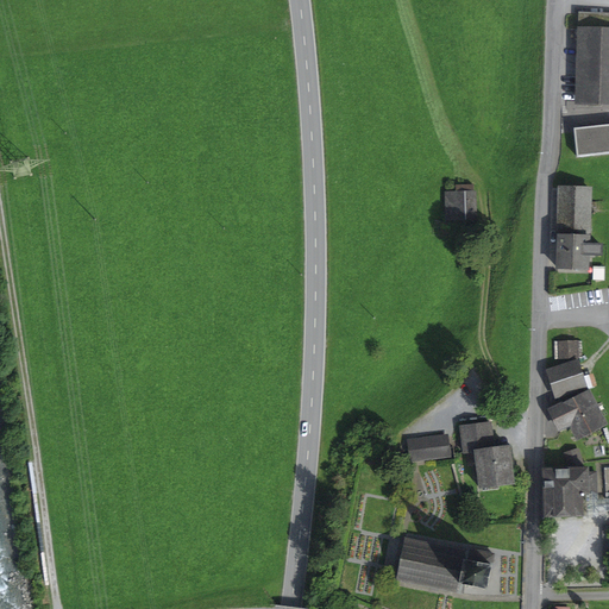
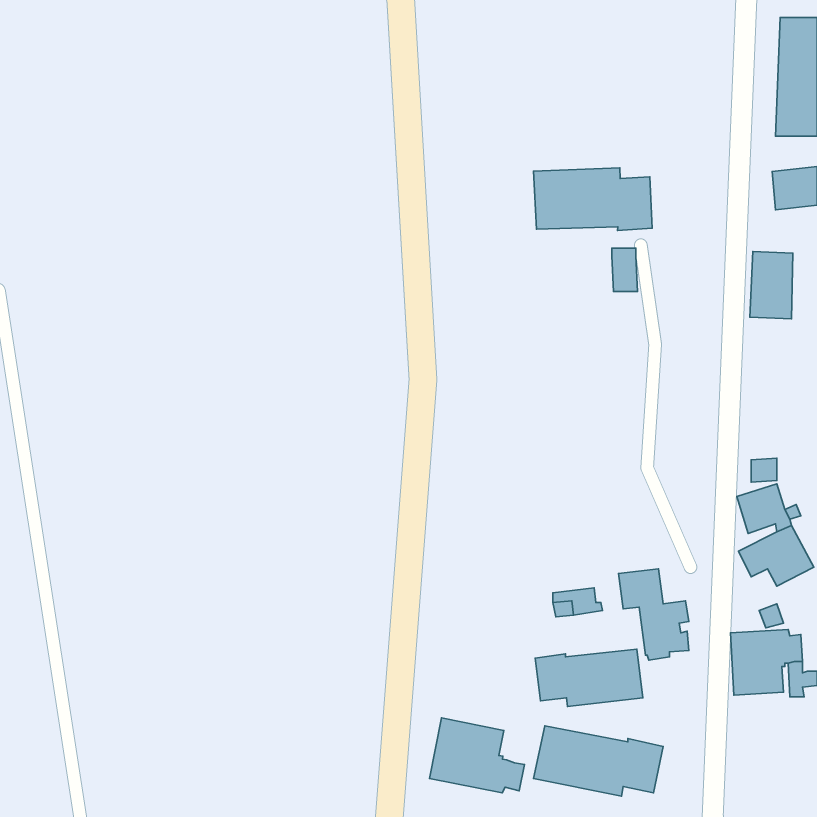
building: none -> [534,168,652,230]
building: [557,236,601,268] -> none
building: none -> [535,649,643,706]
building: none -> [430,718,524,793]

